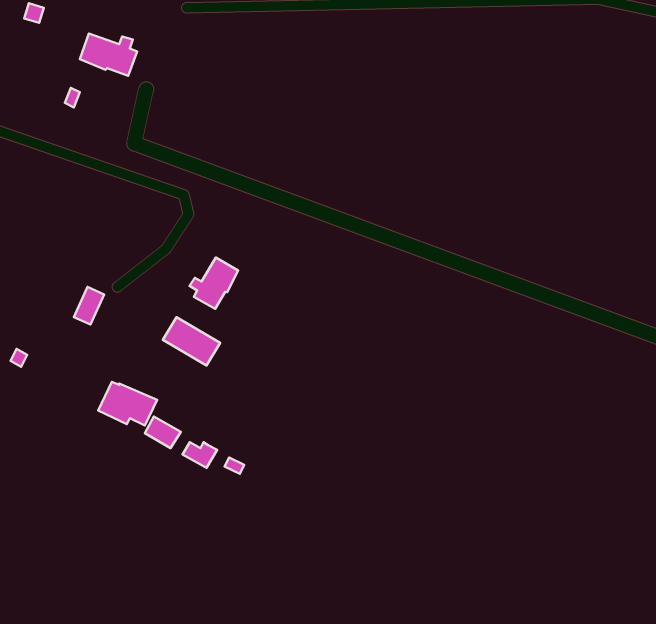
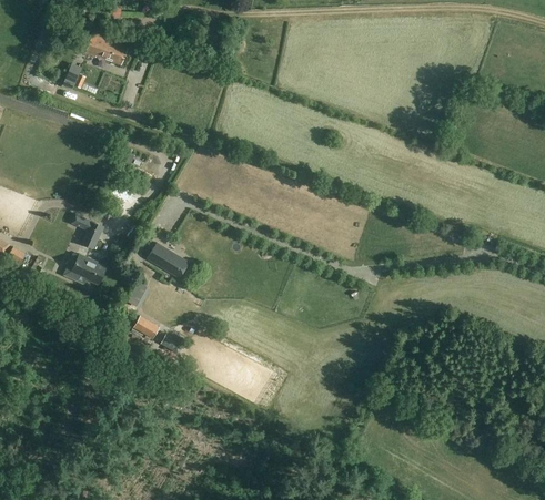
building: [189,257,238,309] -> none
building: [98,382,157,426] -> [63,253,107,285]

